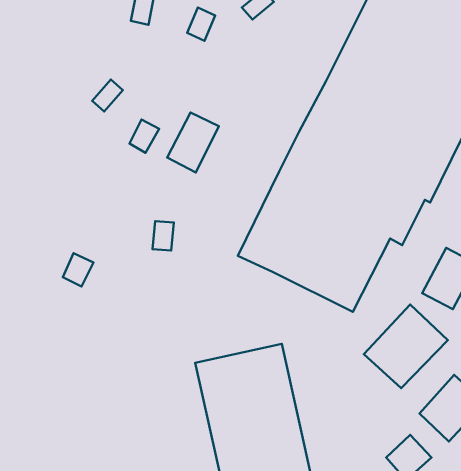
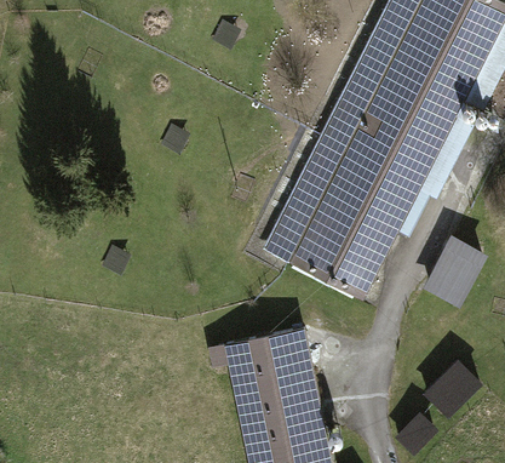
building: [167,113,219,172] -> none
building: [364,304,448,388] -> none

